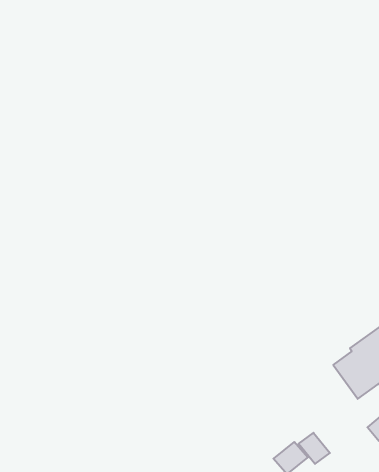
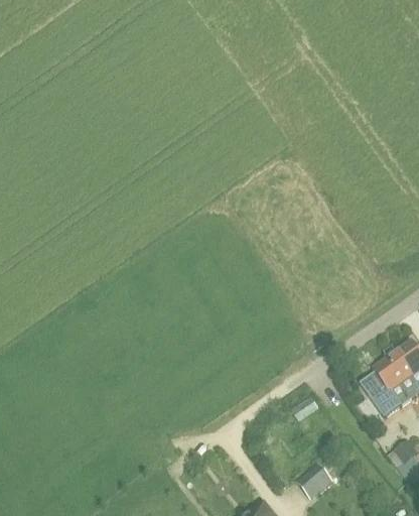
building: [299,433,330,464] -> none

